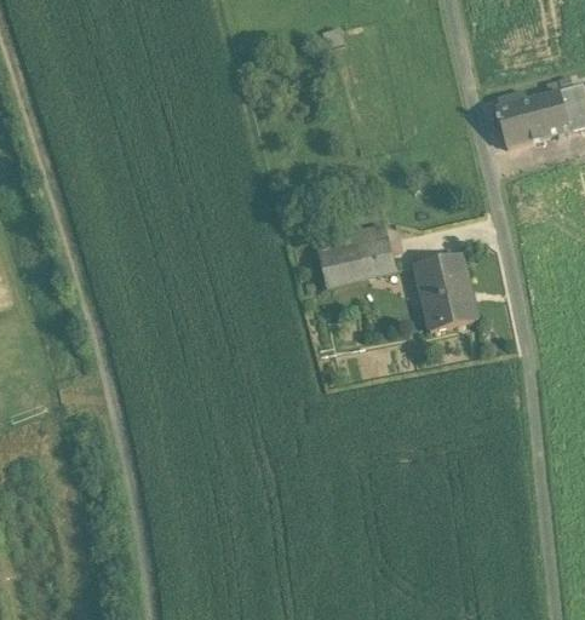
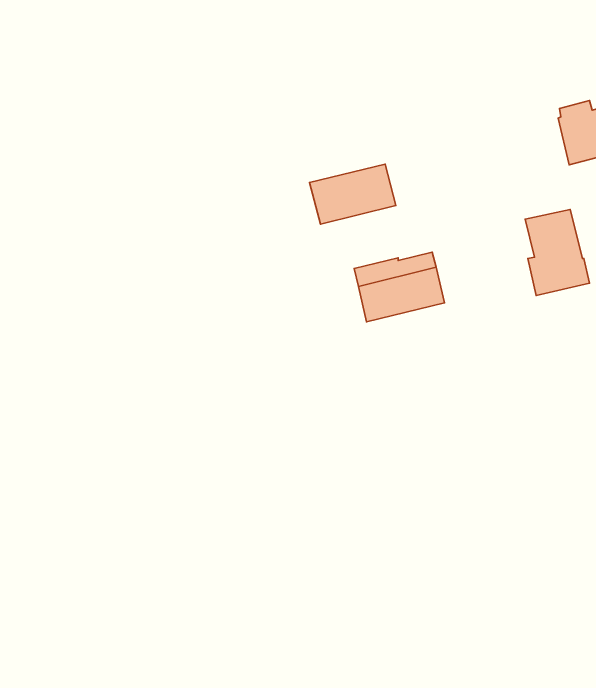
building: none -> [310,164,396,224]
building: [419,253,476,329] -> [525,209,589,296]

